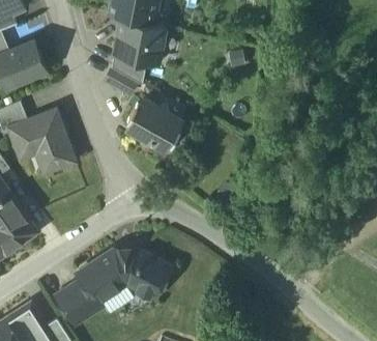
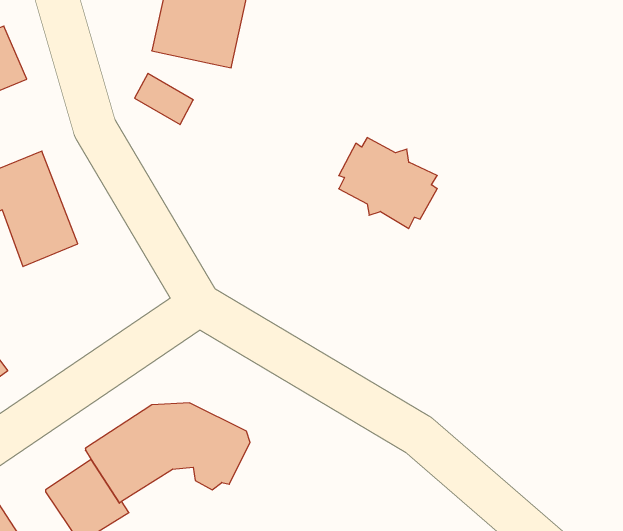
building: [112,56,147,86] -> none
building: [127,101,181,150] -> [339,138,437,229]

